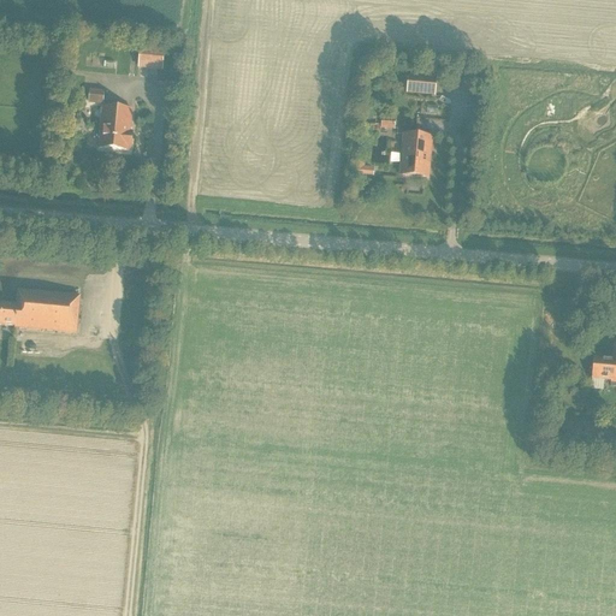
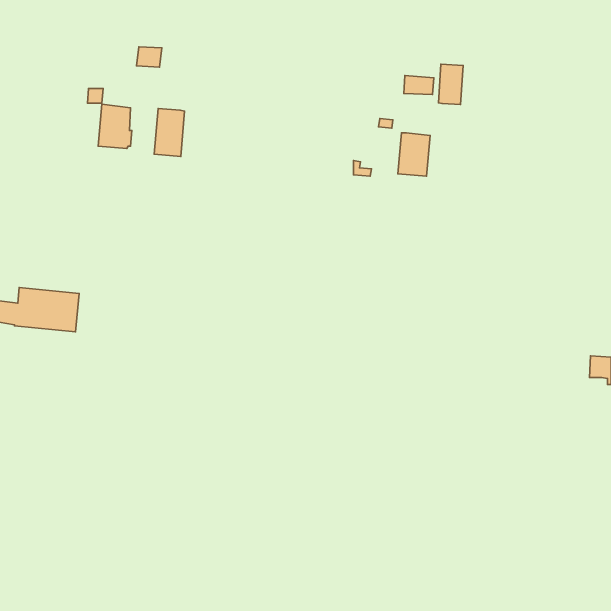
building: none -> [438,64,463,105]
building: none -> [154,109,185,156]

